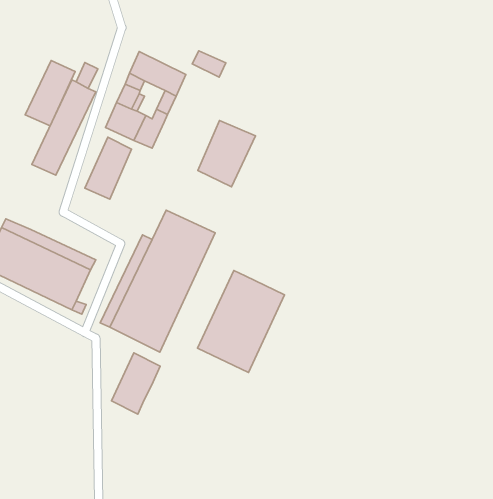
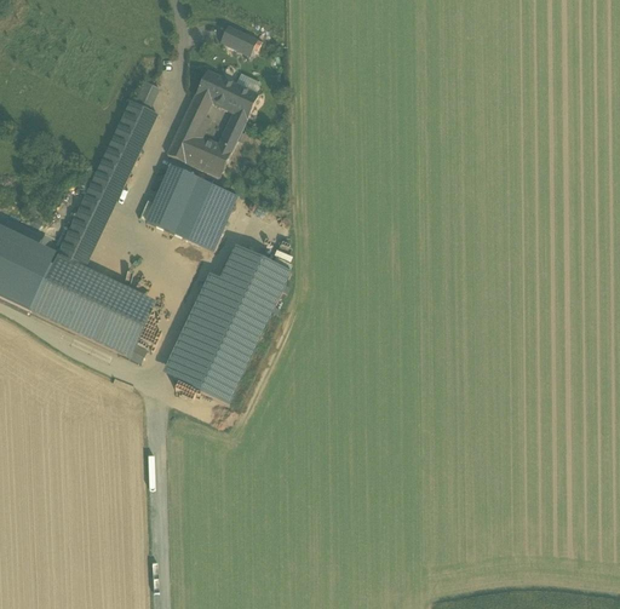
building: [192,51,226,77] -> [219,25,257,54]
building: [25,61,75,126] -> [56,194,111,266]
building: [198,121,255,187] -> [172,177,236,251]
building: [198,271,285,373] -> none
building: [112,353,160,414] -> none

